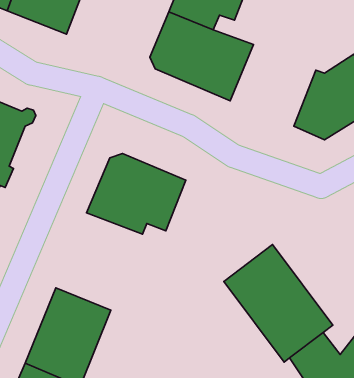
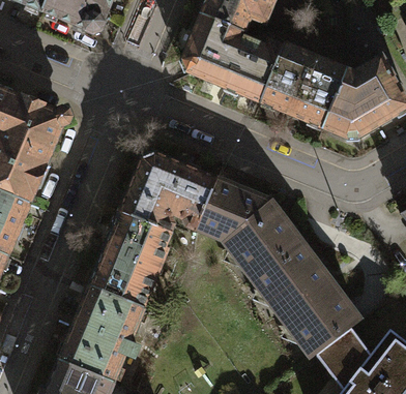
building: none -> [260,47,344,126]
building: none -> [197,179,301,278]
building: none -> [89,211,174,306]

